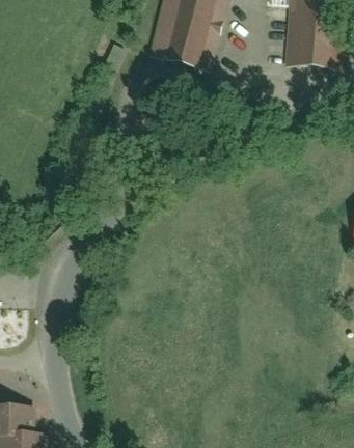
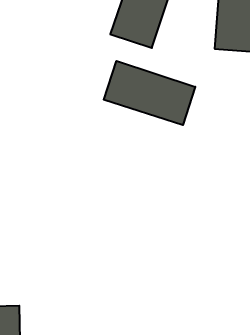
building: none -> [104,61,195,125]

